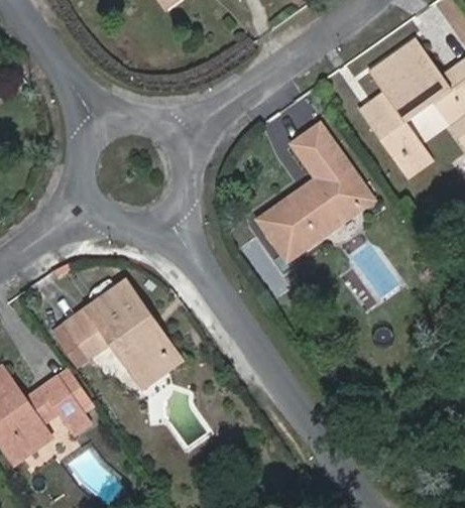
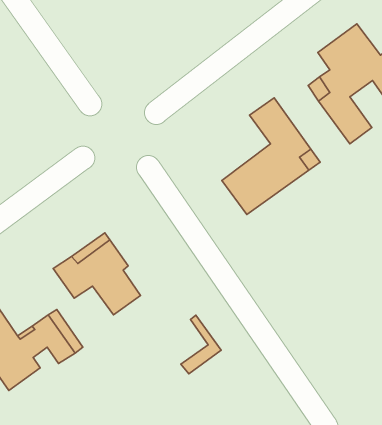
building: [134,319,181,386] -> [181,315,221,374]

